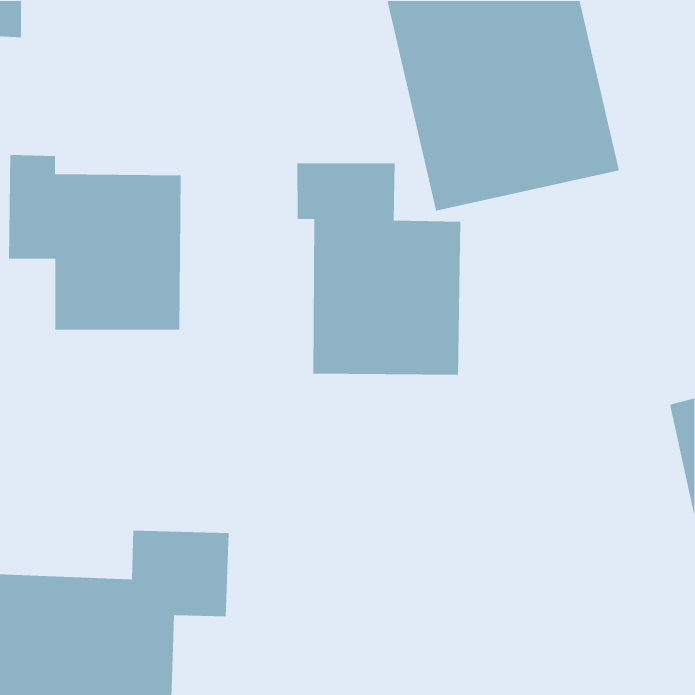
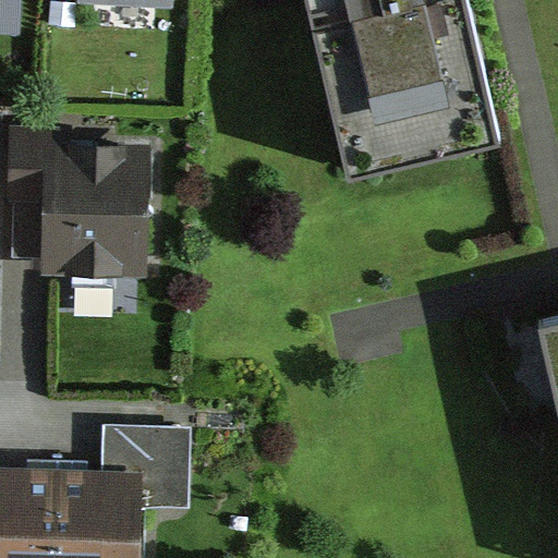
building: [297,163,461,376] -> none

